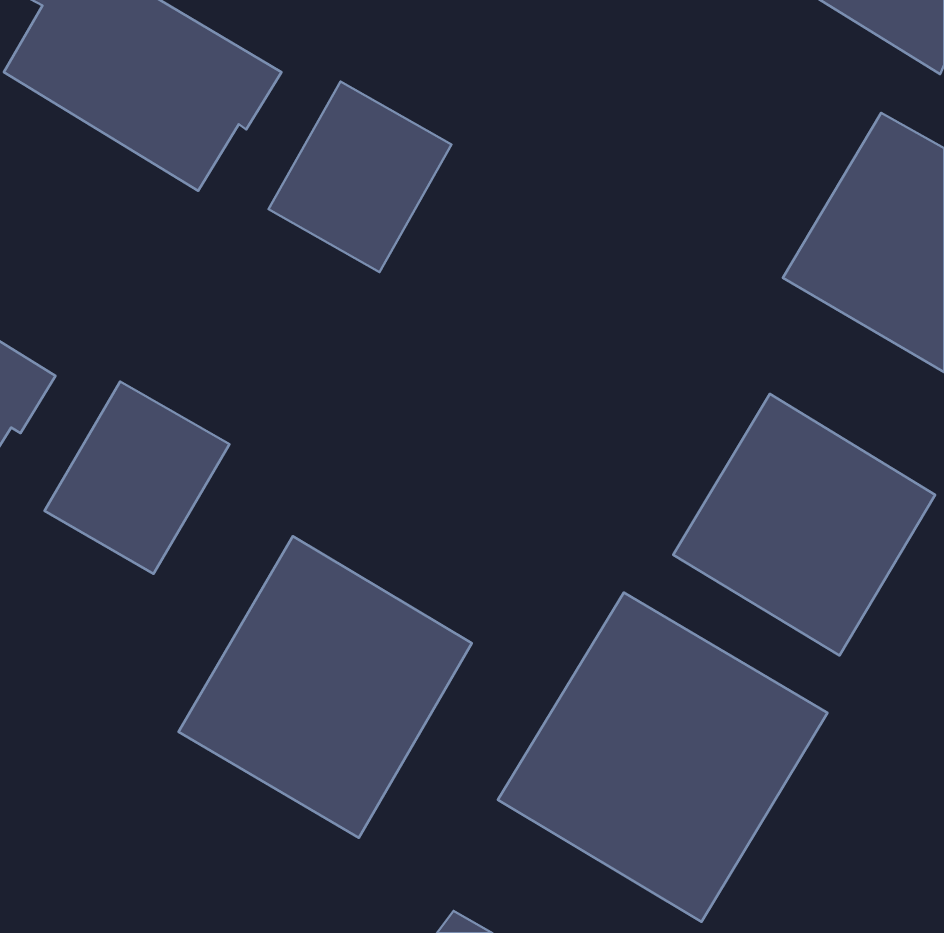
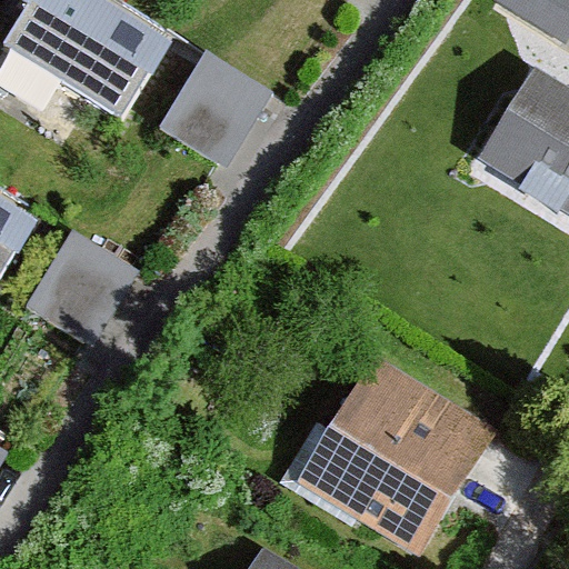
building: [673,394,935,655] -> none
building: [178,536,472,838] -> none

